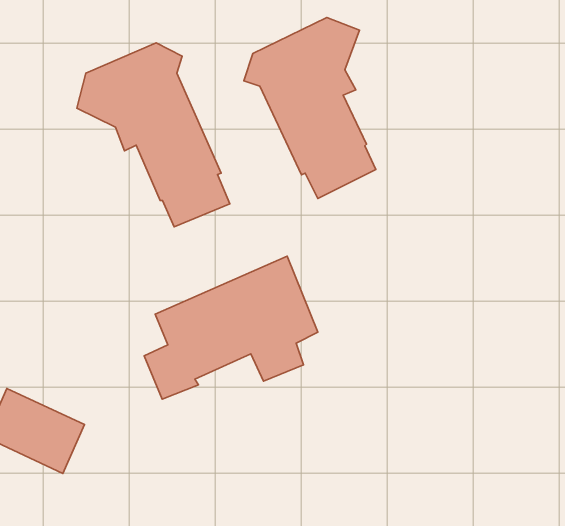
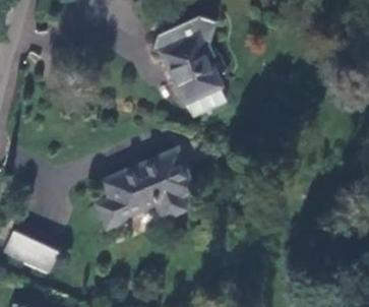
building: [77,43,230,227] -> none

